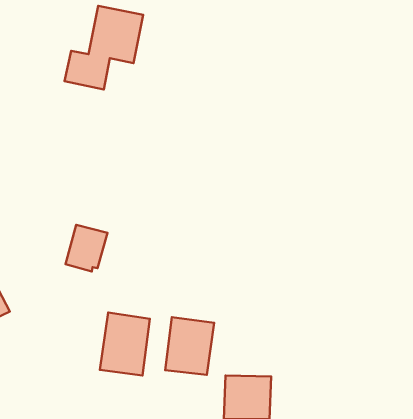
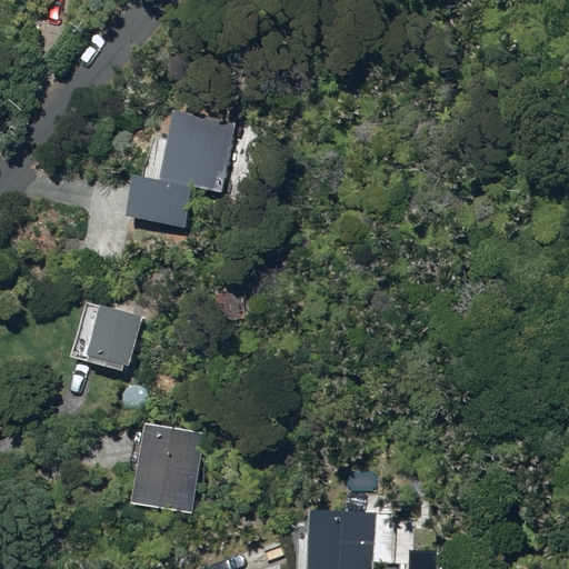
building: [65,6,143,89] -> [121,114,228,228]
building: [165,317,214,375] -> none

